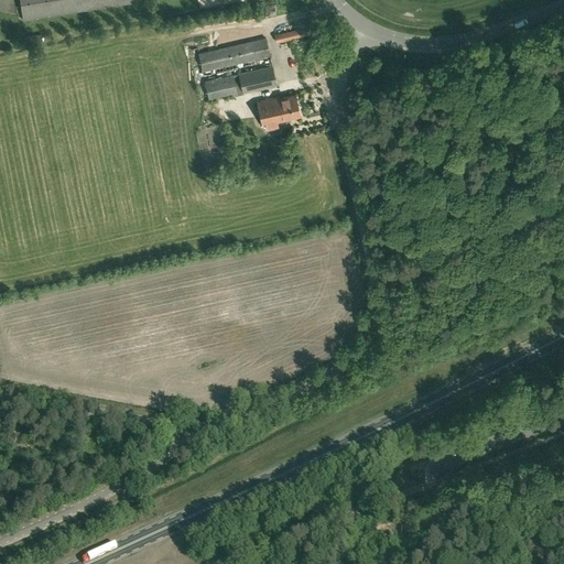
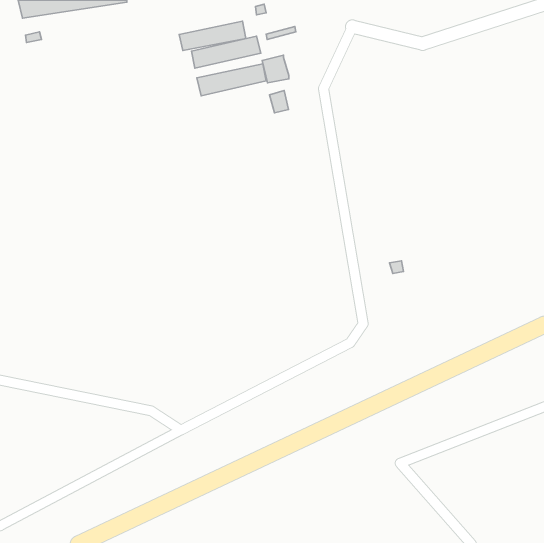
building: none -> [179,21,246,51]
building: [257,97,284,126] -> [262,55,289,83]

